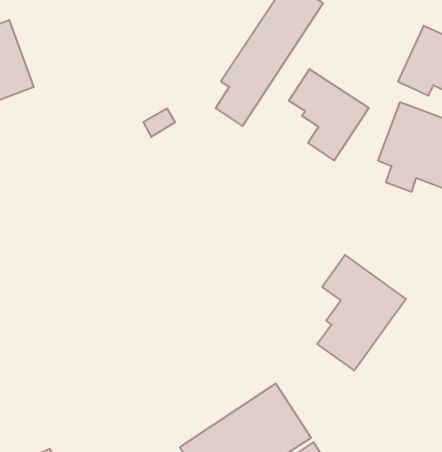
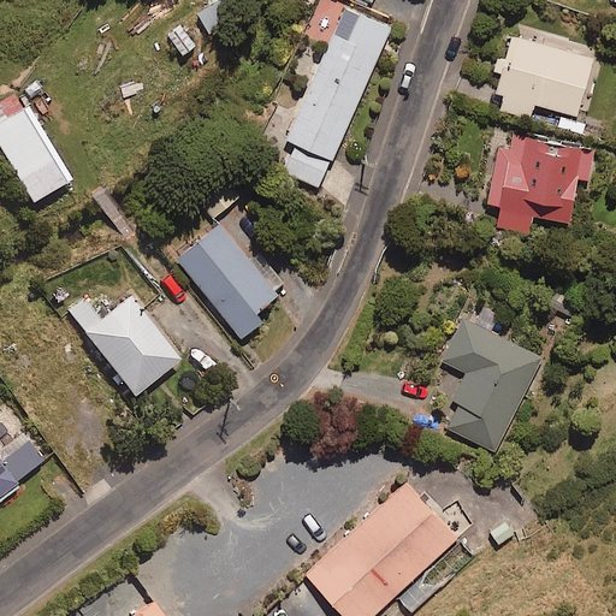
building: [289,69,369,160] -> none
building: none -> [177,207,286,339]
building: none -> [69,298,177,396]

